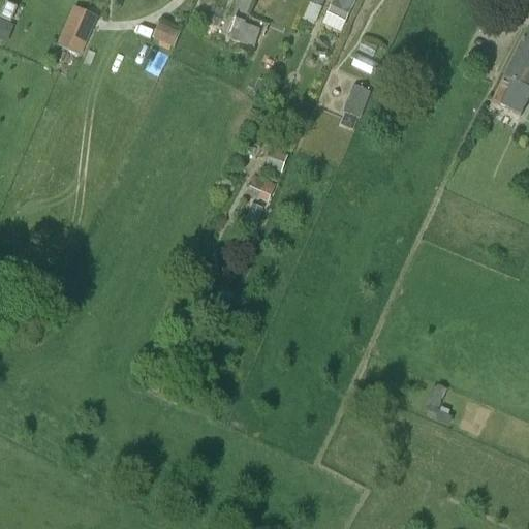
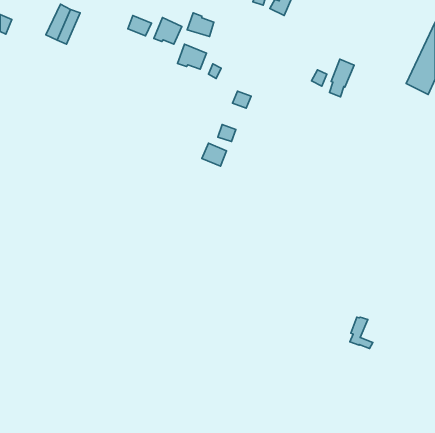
building: none -> [154,17,182,44]
building: none -> [178,44,207,69]
building: [340,84,370,129] -> [329,59,354,97]

